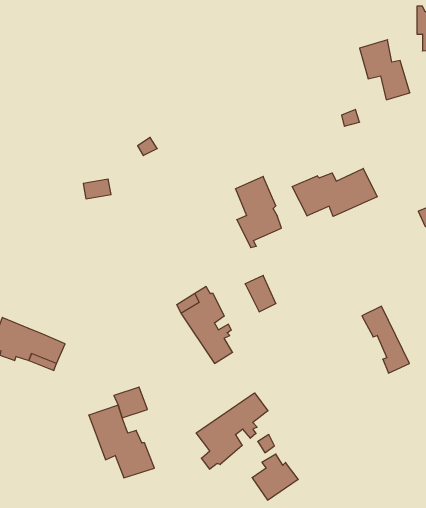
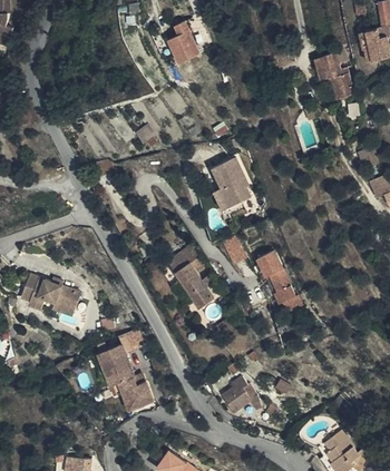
building: none -> [167,23,201,67]
building: [292,168,377,216] -> none
building: [362,306,409,373] -> [260,256,298,310]
building: [196,393,268,469] -> none

